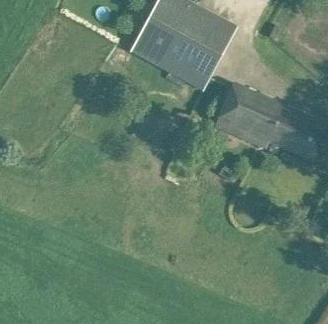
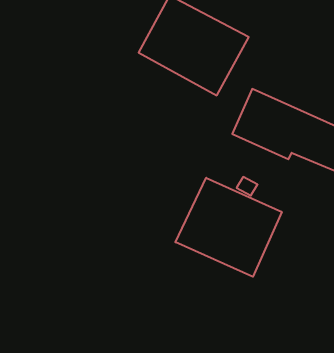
building: none -> [175,178,282,277]

